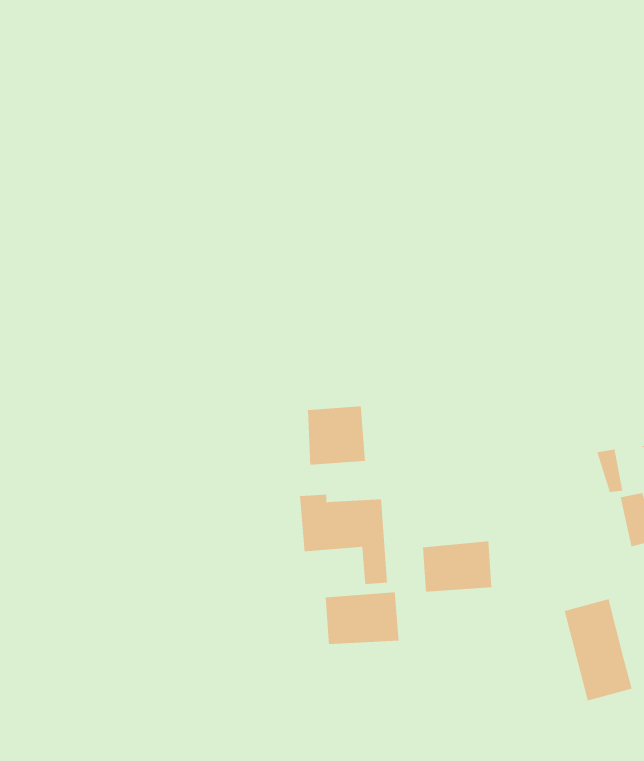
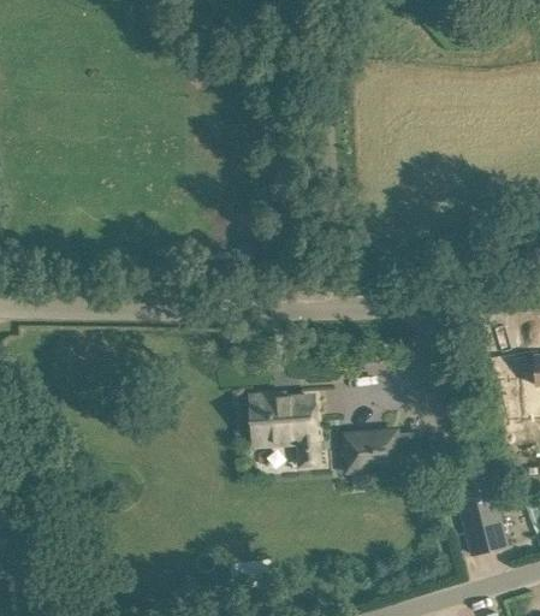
building: [308,406,365,466] -> none
building: [325,592,399,645] -> none

